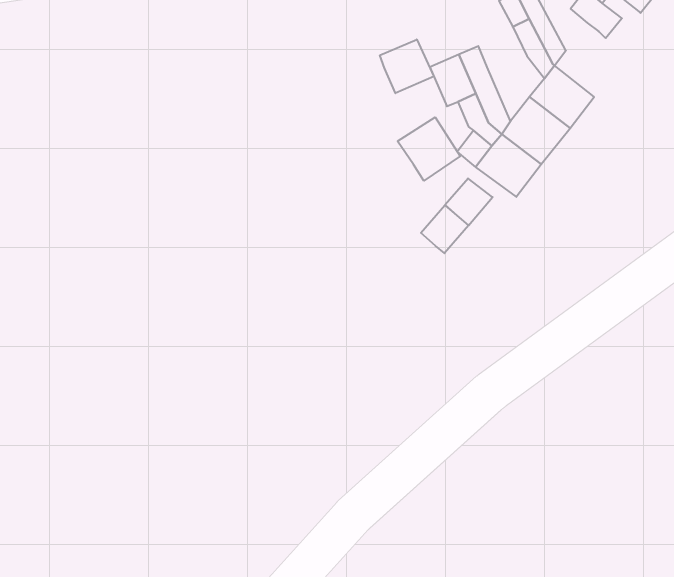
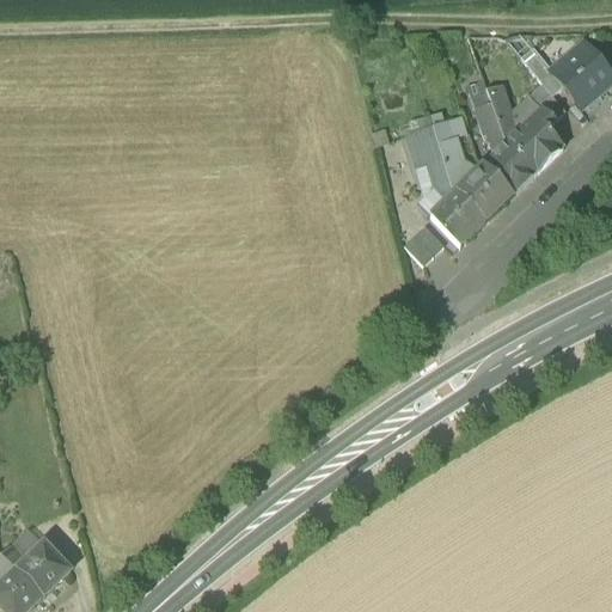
building: none -> [507,110,558,171]
building: [380,39,434,93] -> none
building: [398,117,460,181] -> none
building: [421,205,469,253] -> none

